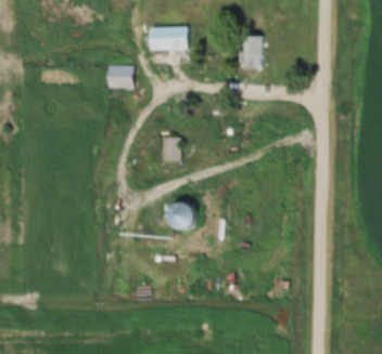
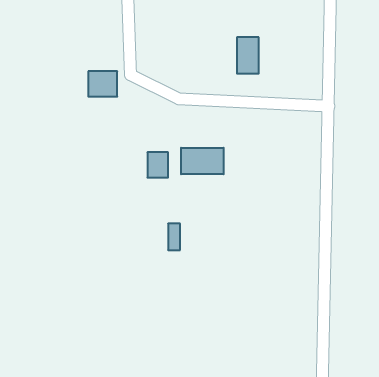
building: [149,28,188,51] -> none
building: none -> [181,148,224,174]

